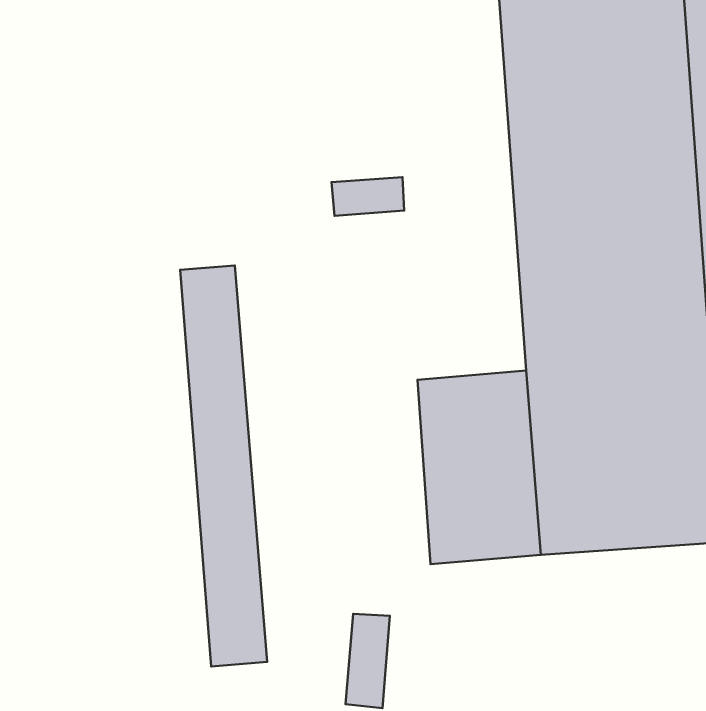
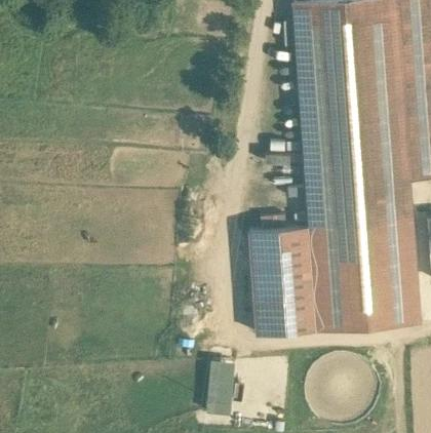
building: [332,177,404,216] -> none
building: [180,266,267,666] -> none

